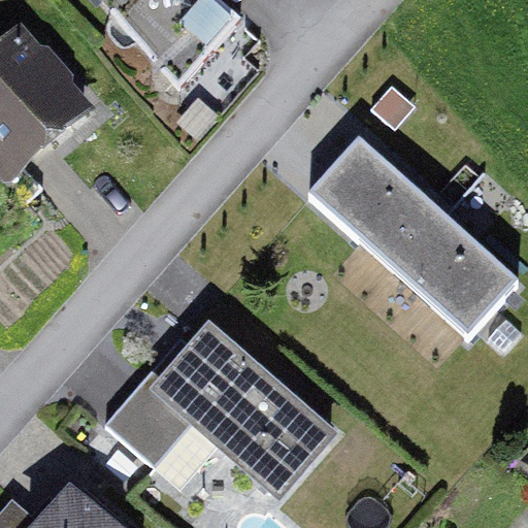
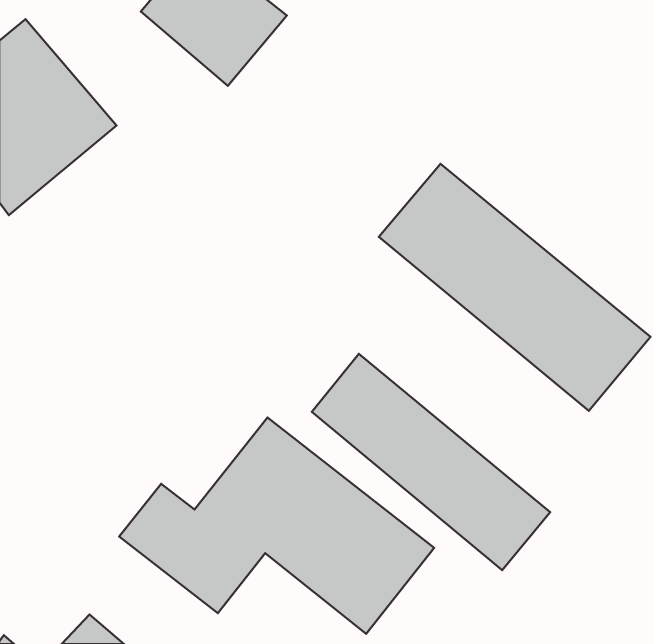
building: none -> [312,354,550,570]

